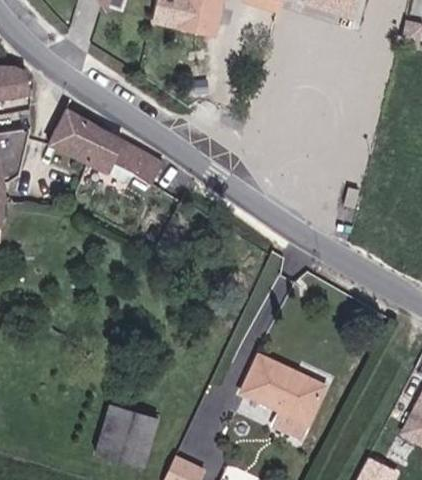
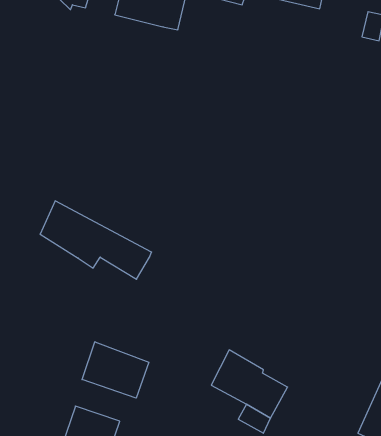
building: [48,104,159,182] -> [40,201,152,279]
building: none -> [82,342,149,398]

